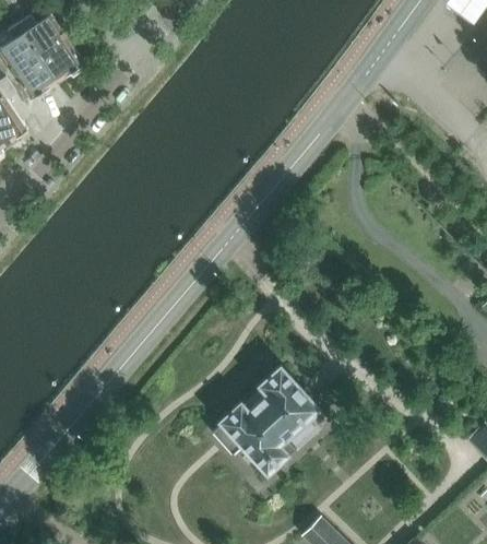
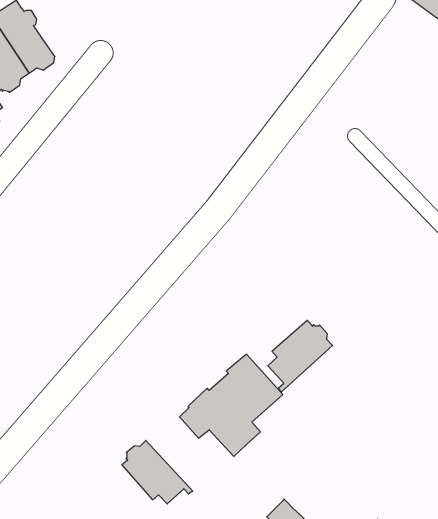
building: none -> [268,320,333,392]
building: none -> [122,440,193,504]

